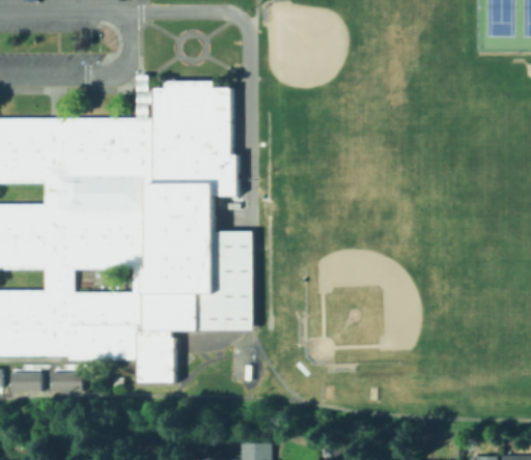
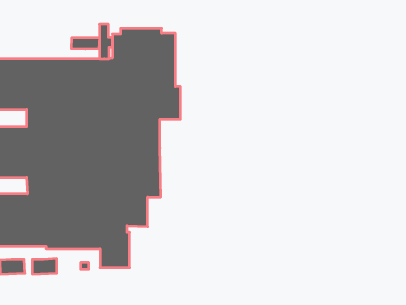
building: none -> [71,38,99,49]
building: [196,231,252,330] -> none

